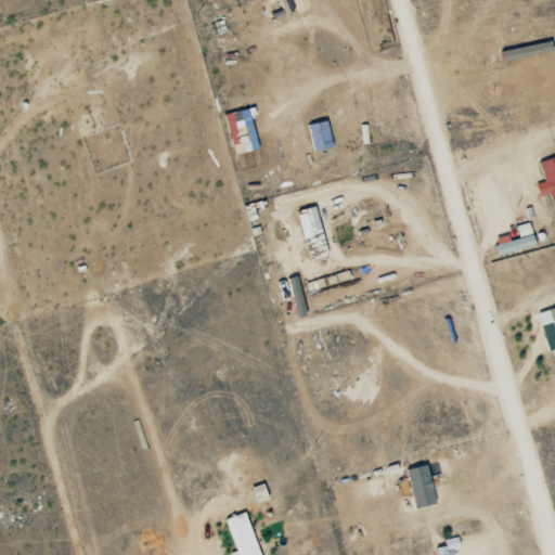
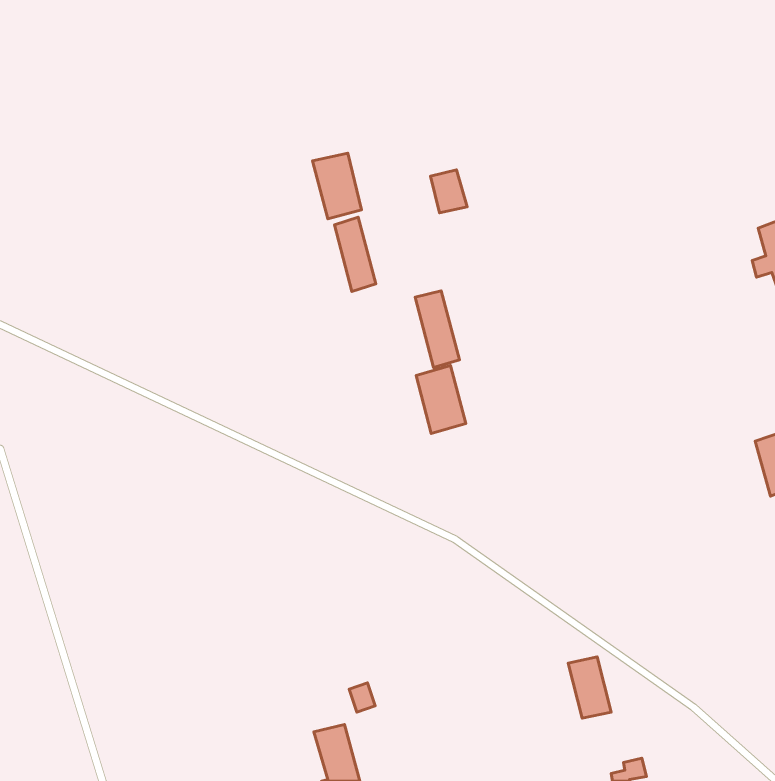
building: none -> [334,217,376,292]
building: none -> [416,365,466,434]

